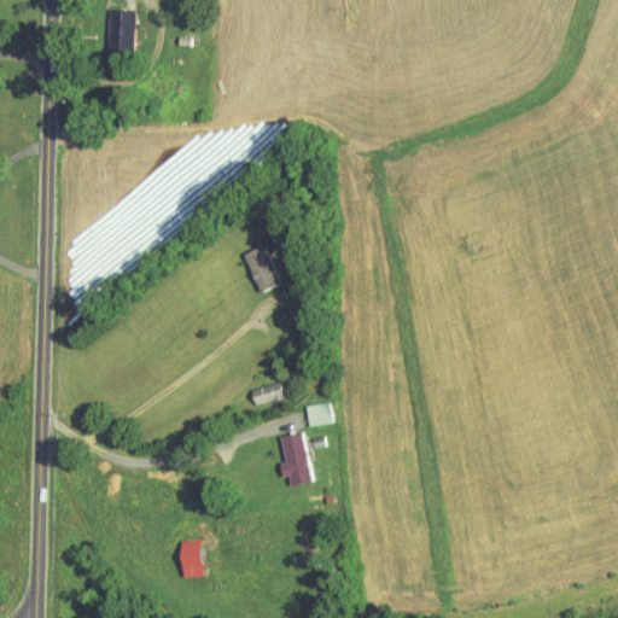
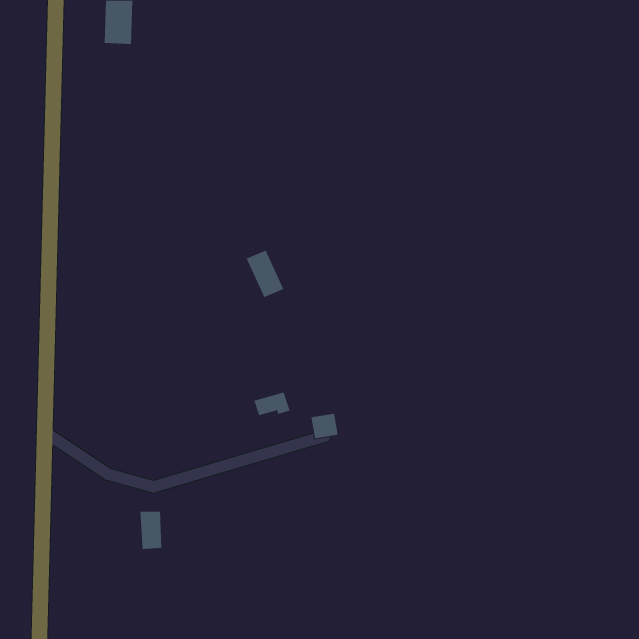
building: [280,432,311,486] -> none
building: [180,541,202,577] -> [139,511,162,549]

